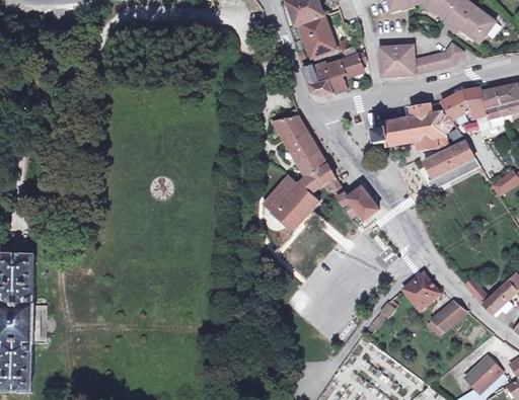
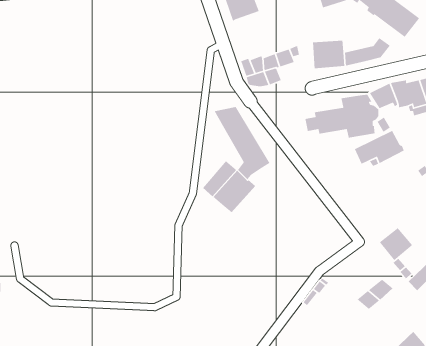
building: [298,14,336,57] -> none
building: [323,176,379,220] -> none
building: [402,272,439,309] -> [379,227,413,261]

